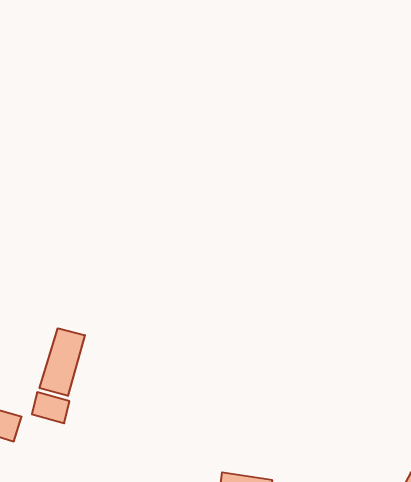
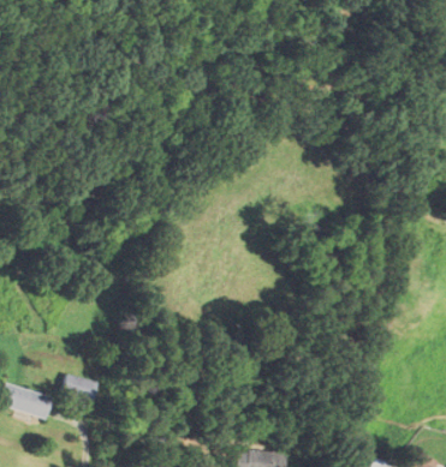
building: [40,328,85,396] -> none

